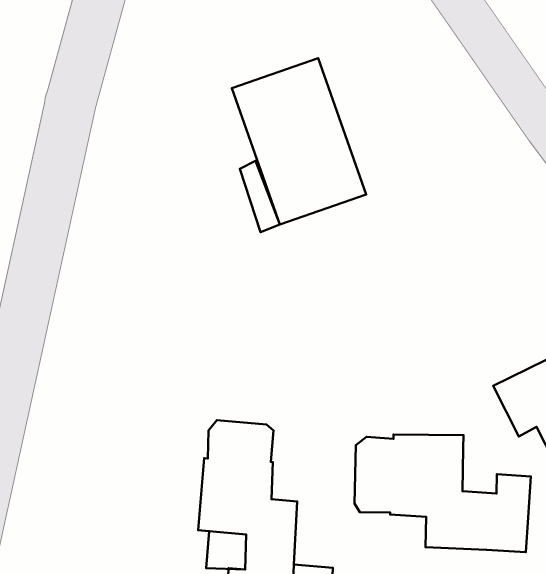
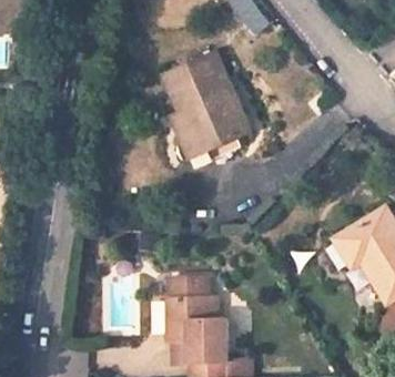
building: [355,435,531,552] -> none

